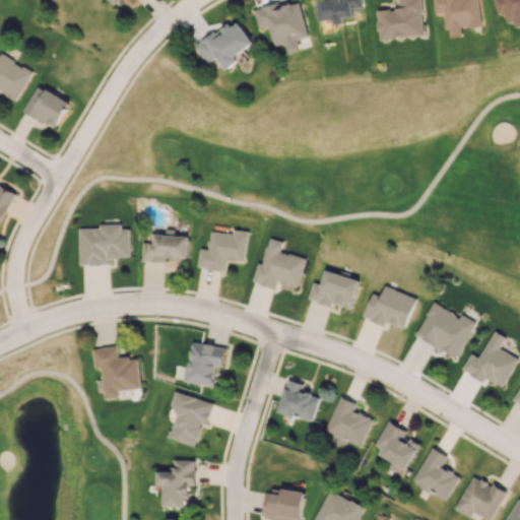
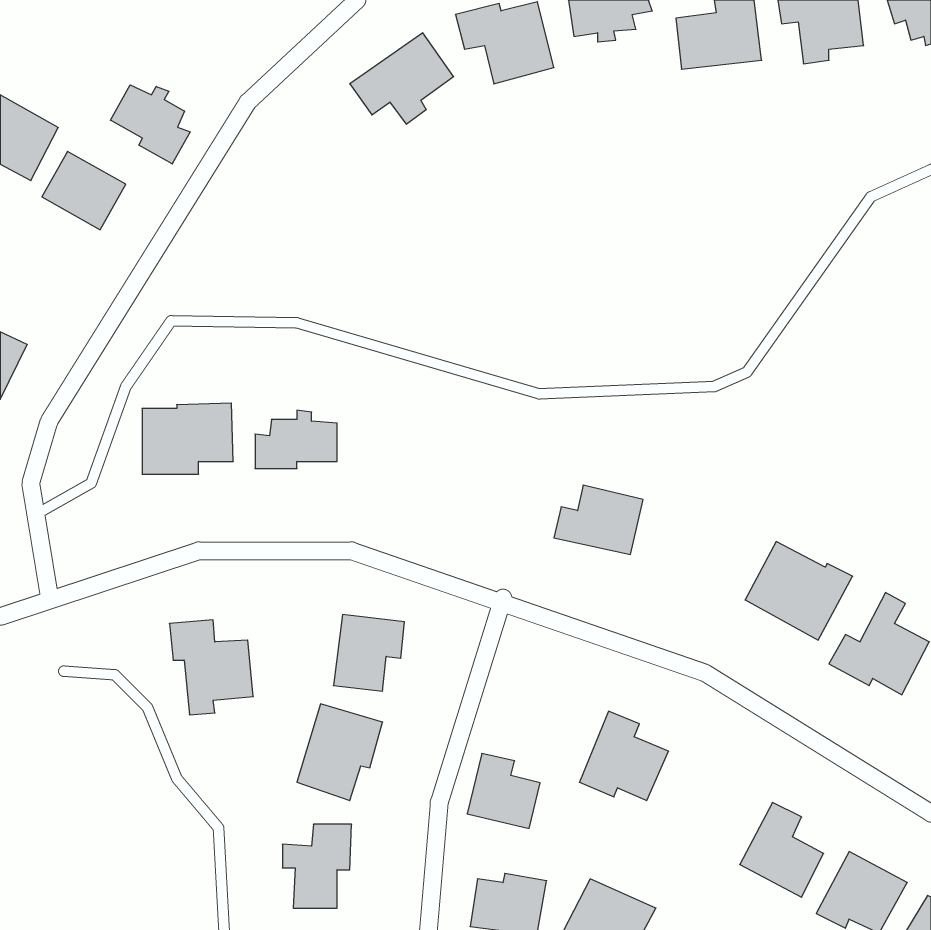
building: none -> [110,85,190,164]
building: [197,230,249,272] -> none
building: [255,238,306,289] -> none
building: [363,287,415,329] -> none
building: [278,380,319,421] -> [467,754,540,828]
building: [375,421,419,470] -> none

